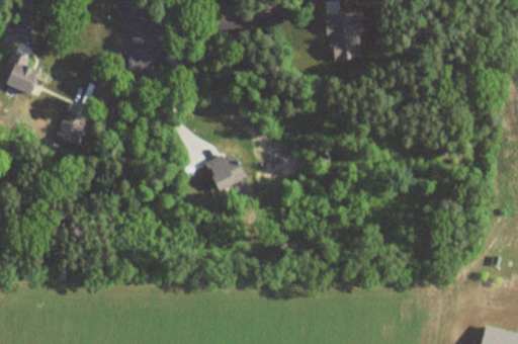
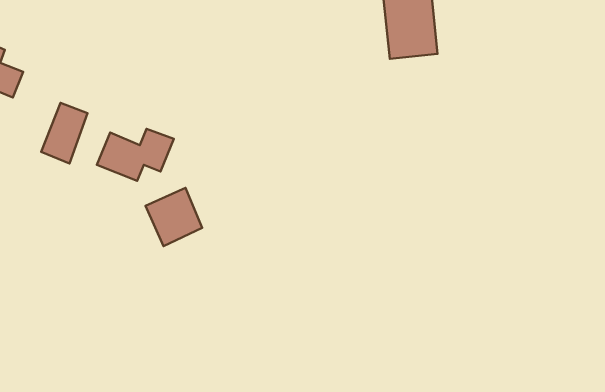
building: none -> [97,129,174,181]
building: [204,150,249,195] -> [145,188,202,246]

